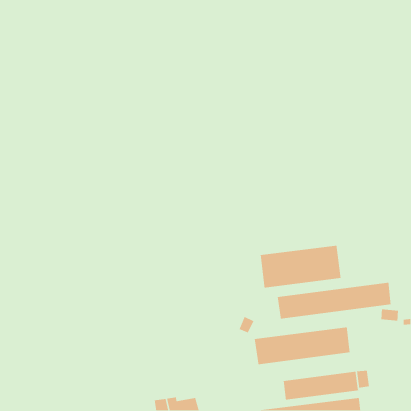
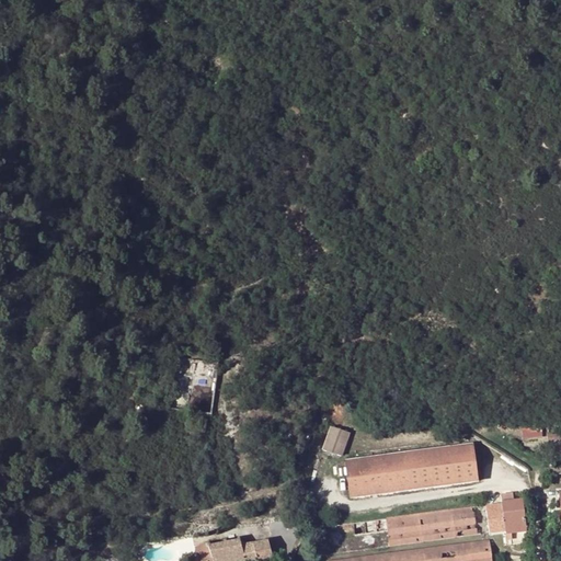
building: [260,245,342,289] -> none
building: [277,282,391,319] -> none
building: none -> [503,500,526,533]

